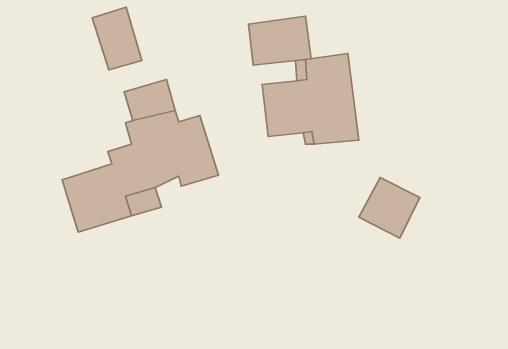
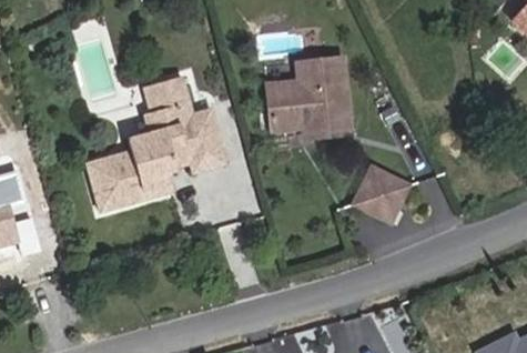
building: [92,7,142,70] -> none
building: [248,16,311,65] -> none

